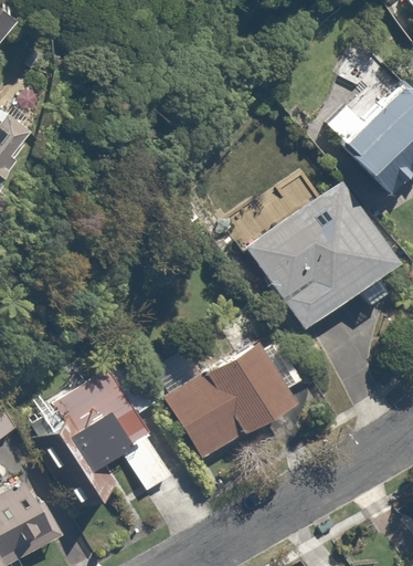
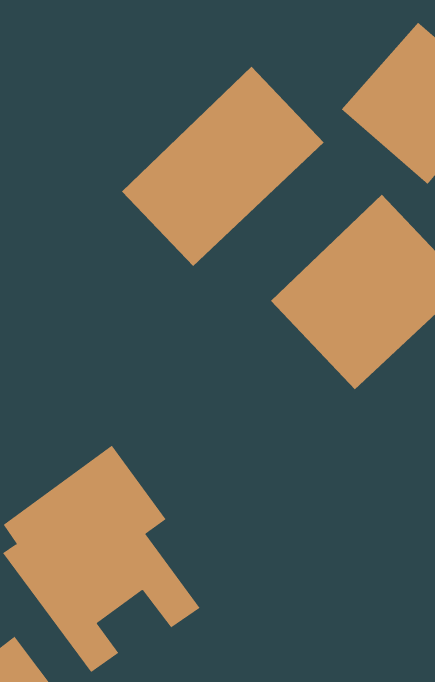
building: none -> [121,66,324,267]
building: [149,344,299,463] -> none

